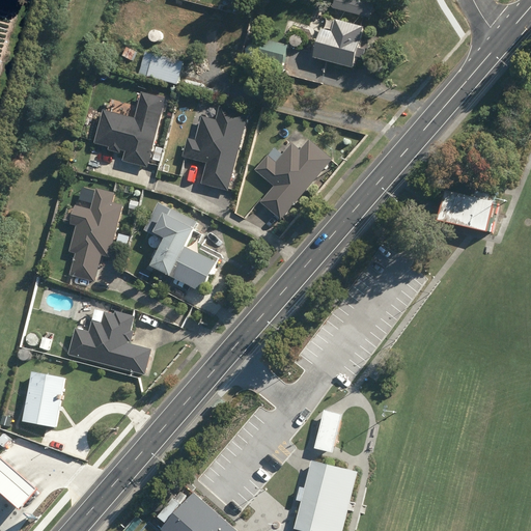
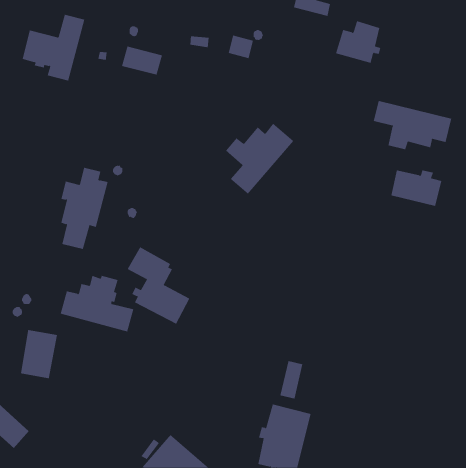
building: [313,20,365,68] -> [335,20,381,64]
building: [93,92,165,168] -> [22,14,85,81]
building: [181,106,248,191] -> none
building: none -> [373,100,452,150]
building: [145,204,217,292] -> [127,246,190,324]

